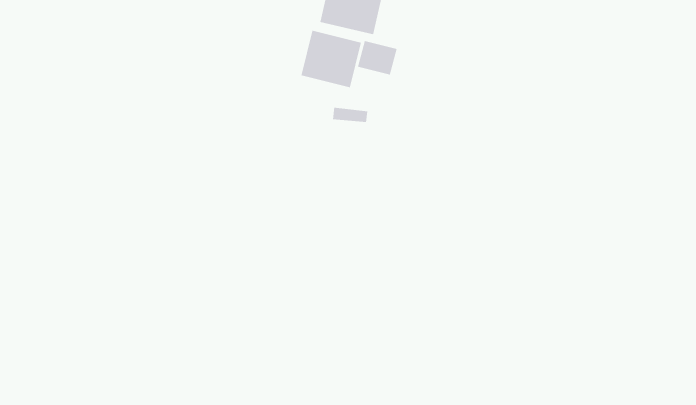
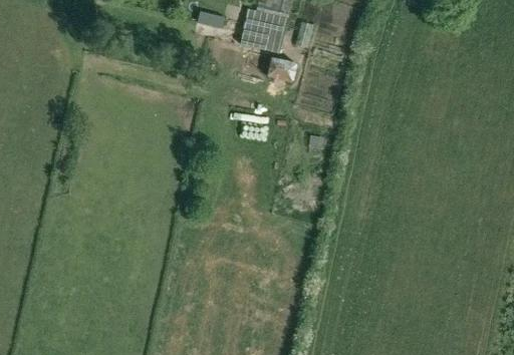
building: [301,30,362,88] -> none

